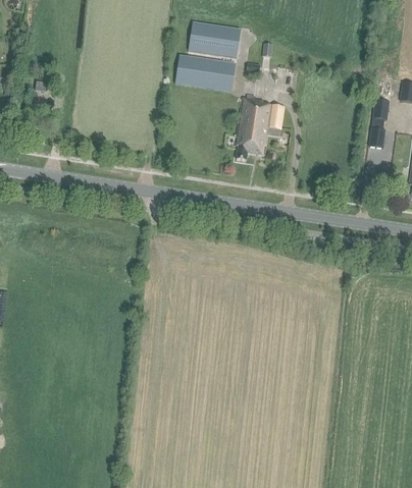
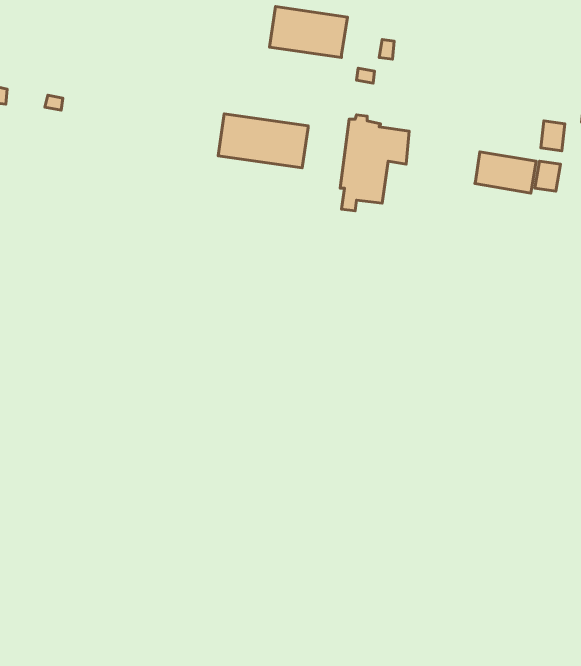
building: [174,54,236,91] -> [218,114,308,168]
building: none -> [475,152,536,193]

